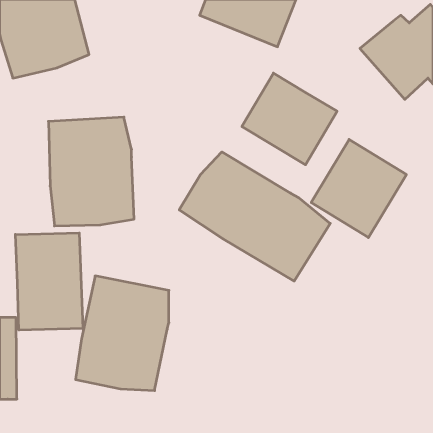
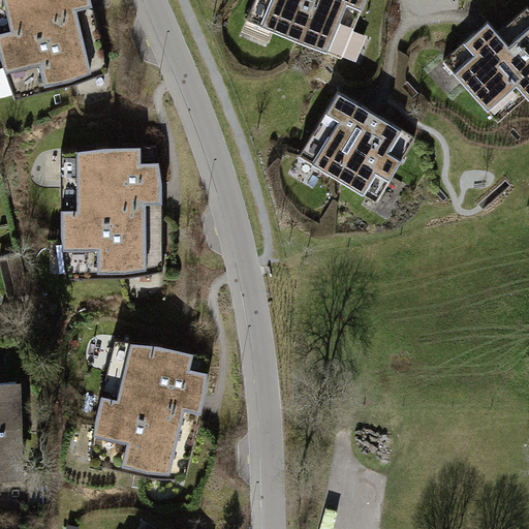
building: [311,139,406,238] -> none
building: [179,152,330,281] -> none
building: [15,233,83,330] -> none

